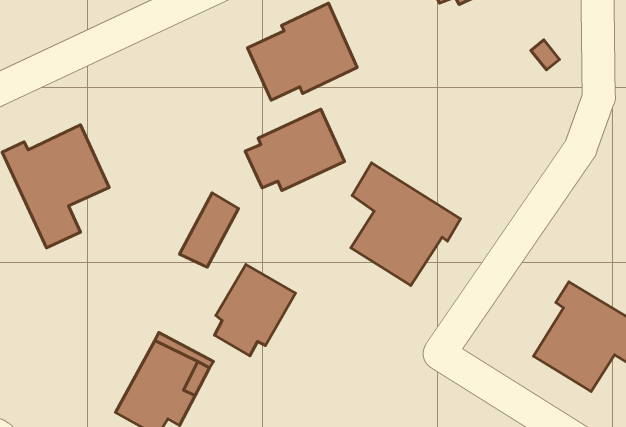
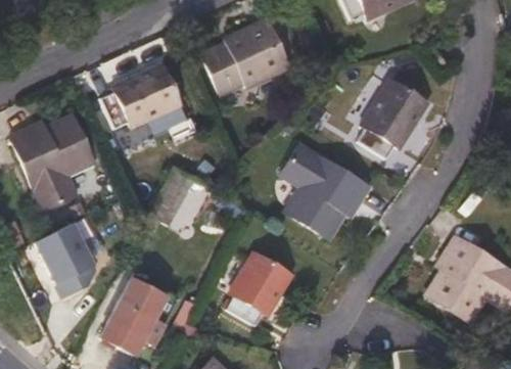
building: none -> [359,79,426,156]
building: [245,109,344,190] -> [103,64,181,128]
building: none -> [34,212,109,290]
building: [214,264,295,356] -> [228,252,291,324]

